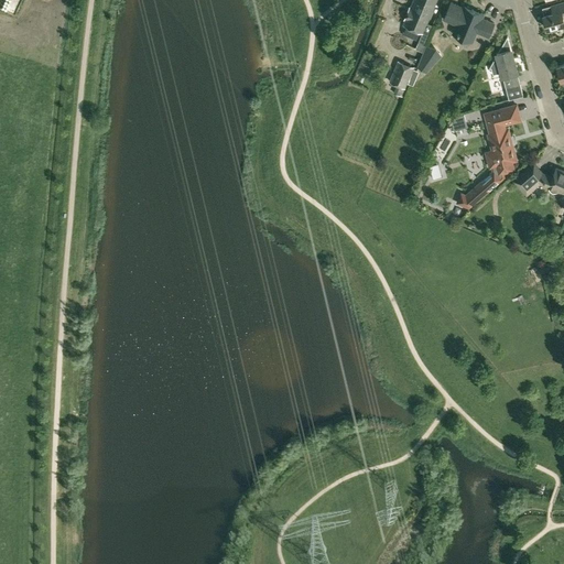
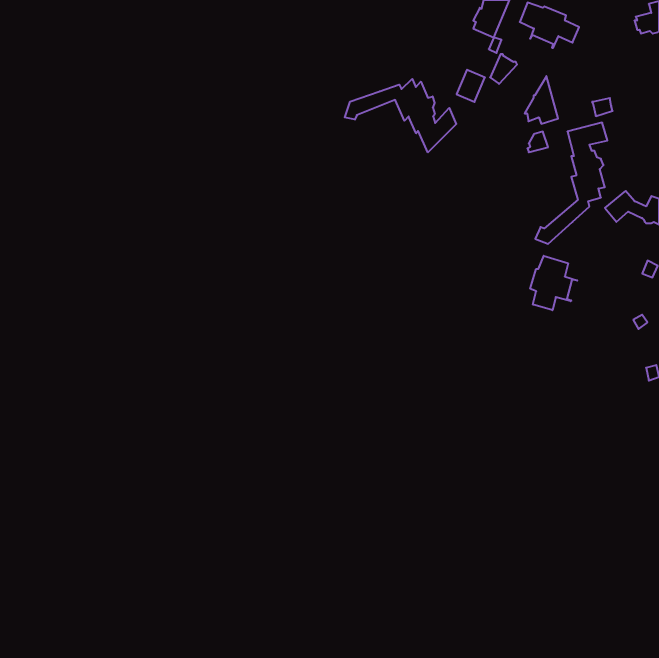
building: [489,36,518,77] -> [525,76,558,124]
building: none -> [345,79,456,152]
building: none -> [530,256,577,310]

